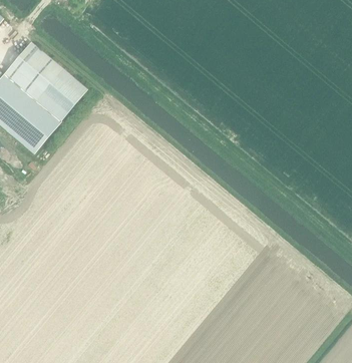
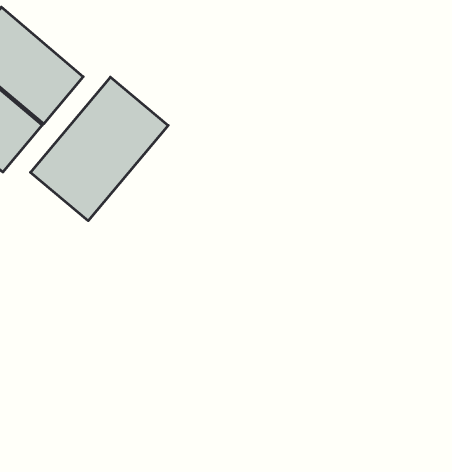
building: none -> [30,77,168,221]

